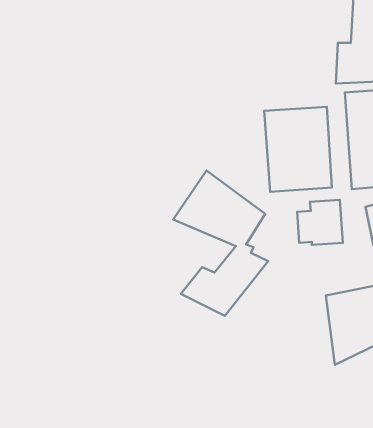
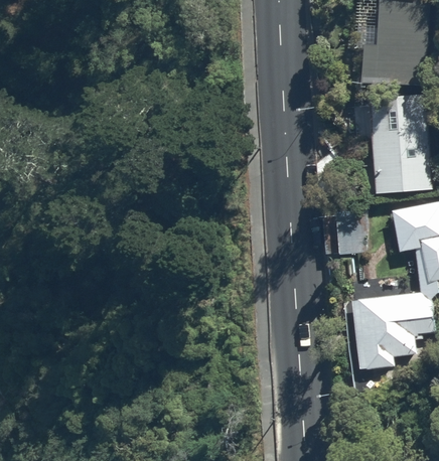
building: [264,107,332,192] -> none
building: [173,170,268,316] -> none

